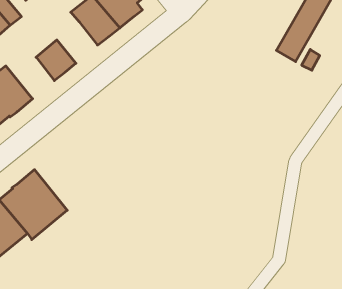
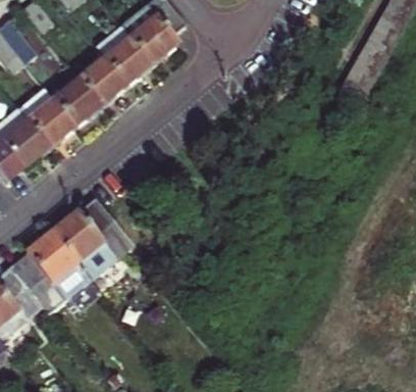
building: none -> [77,57,125,106]
building: none -> [17,88,74,148]
building: none -> [51,198,133,280]

